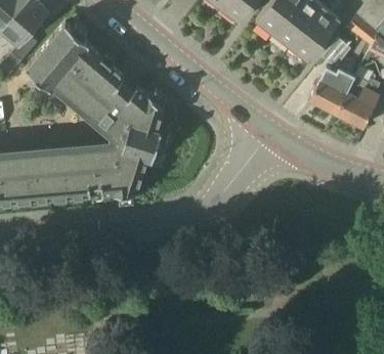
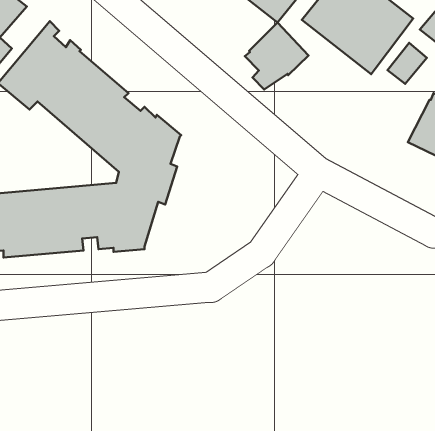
building: none -> [245,23,308,90]
building: [311,68,353,113] -> none

